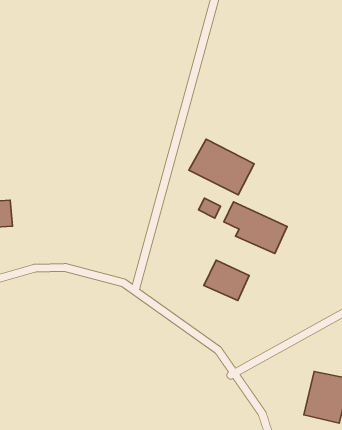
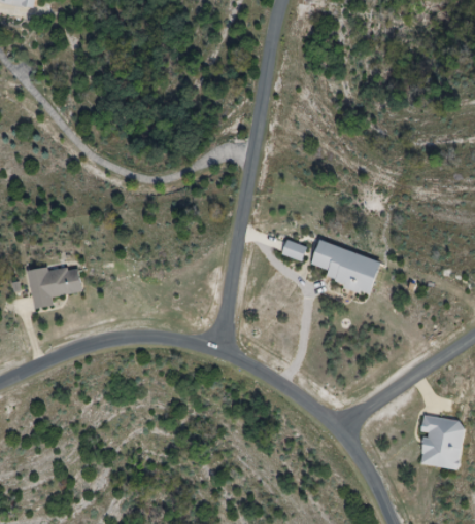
building: [189,139,254,195] -> none
building: [204,260,249,301] -> none

